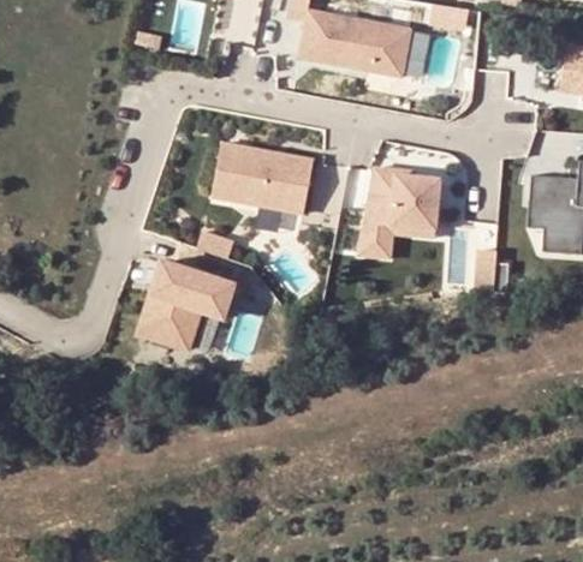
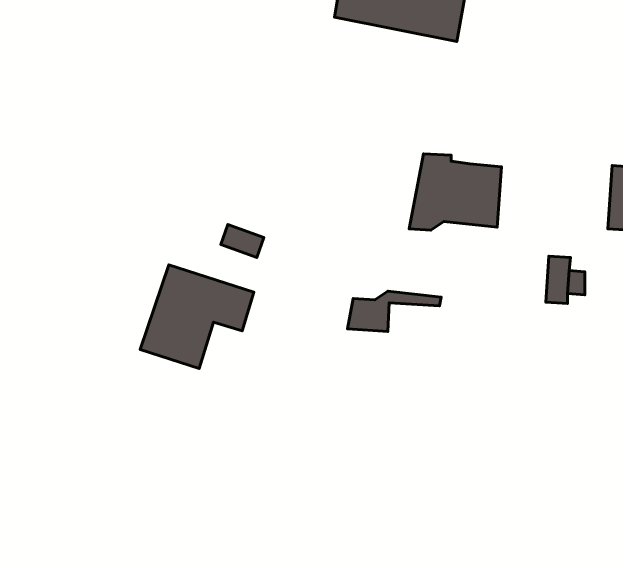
building: [213,142,314,213] -> none
building: [358,226,436,259] -> [348,291,441,332]

